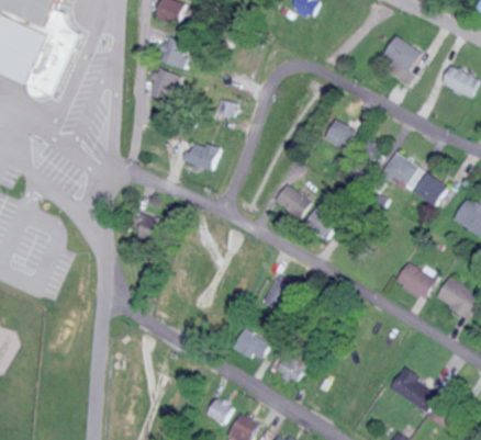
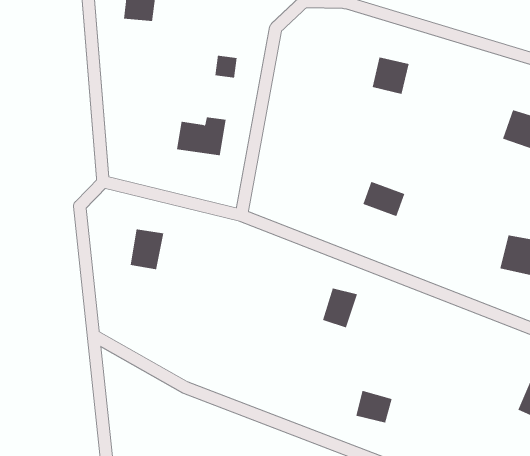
building: [147,68,180,101] -> none
building: [383,153,423,189] -> none
building: [273,184,310,217] -> none
building: [232,329,268,361] -> none

